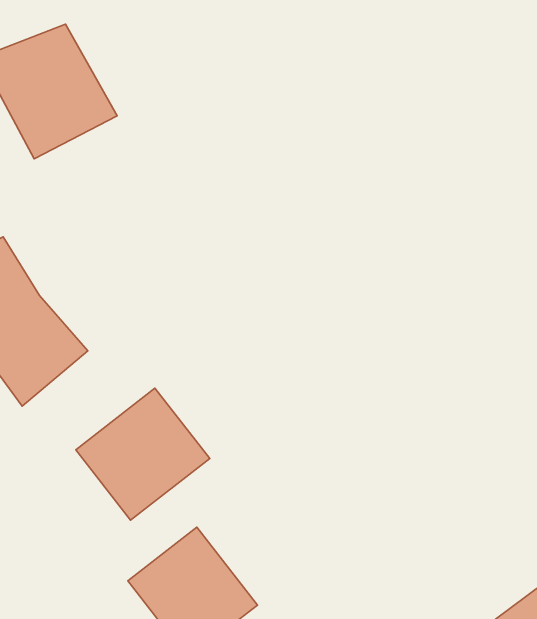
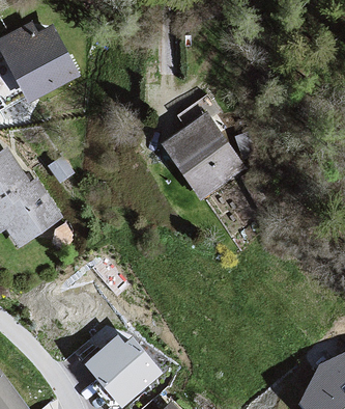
building: none -> [160,114,239,199]
building: [76,388,210,520] -> none

